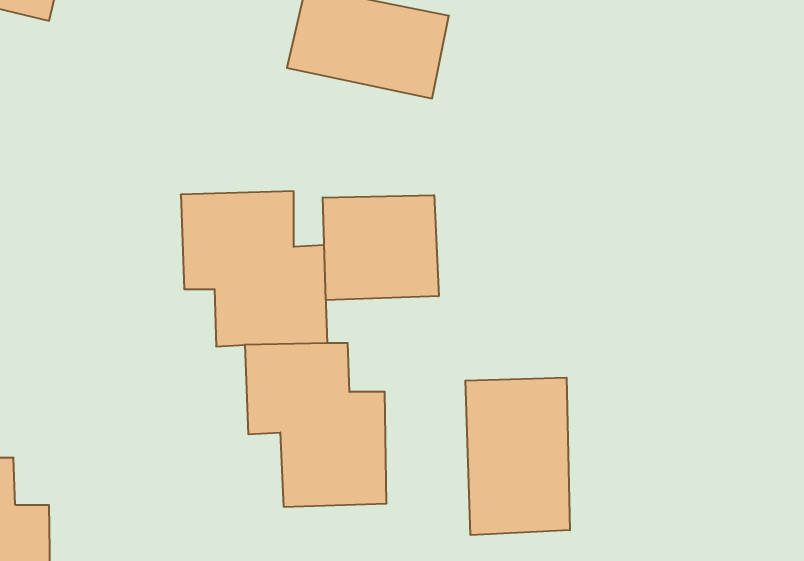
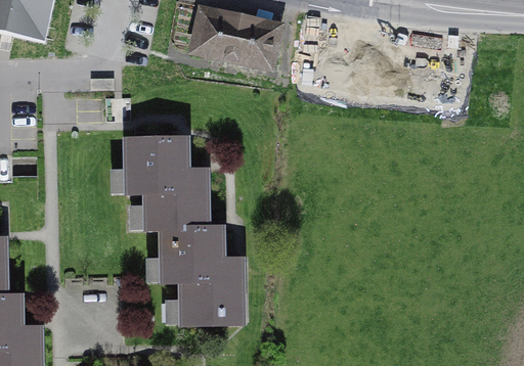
building: [323,195,439,300] -> none
building: [465,378,570,535] -> none

